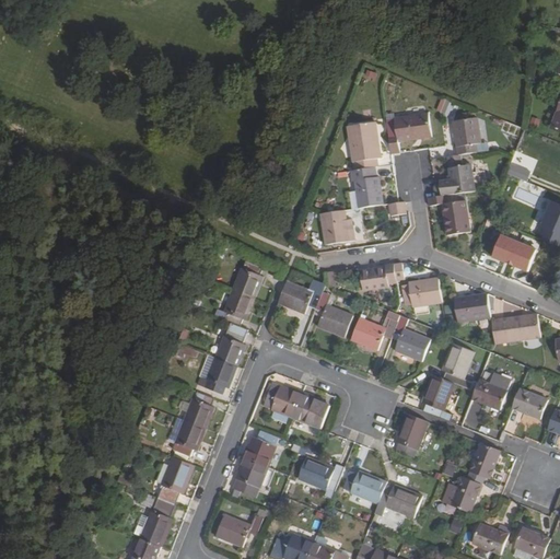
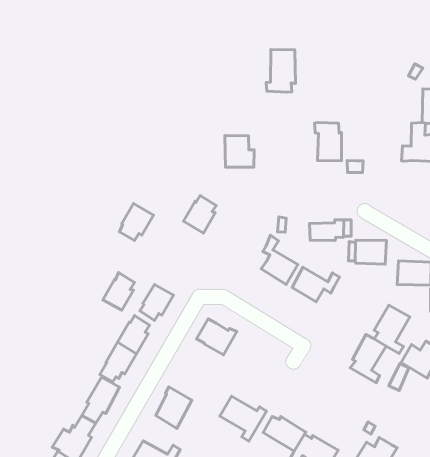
building: [385,113,430,153] -> none
building: [350,124,380,170] -> [266,49,295,92]
building: [428,195,469,235] -> none
building: [319,210,353,245] -> [225,136,254,167]
building: [278,280,325,314] -> none
building: [222,289,254,326] -> [119,203,153,241]
building: [393,315,431,361] -> none
building: [212,327,242,364] -> [103,273,135,310]
building: [292,392,329,429] -> none
building: [395,414,428,457] -> none
building: [242,436,276,467] -> none
building: [469,443,501,479] -> none

